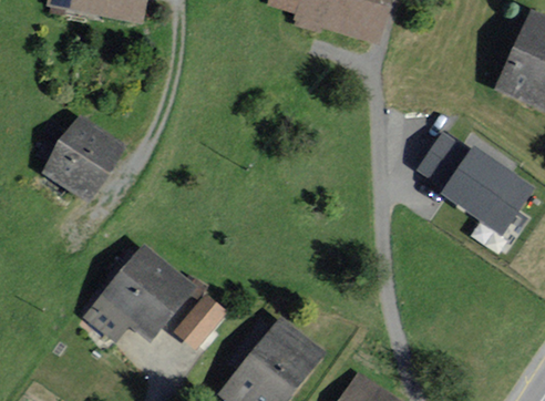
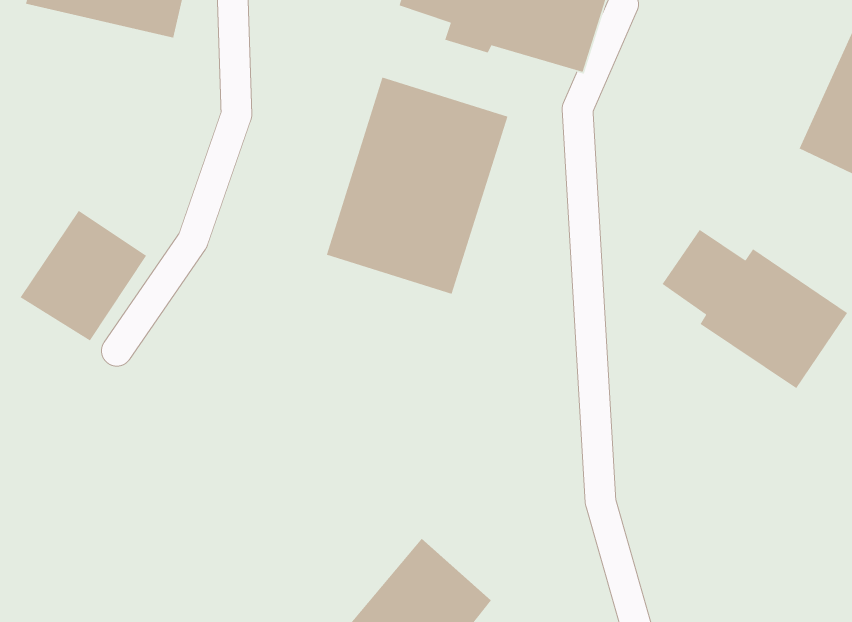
building: none -> [326,77,508,295]
building: [82,243,193,341] -> none
building: [174,294,225,347] -> none

